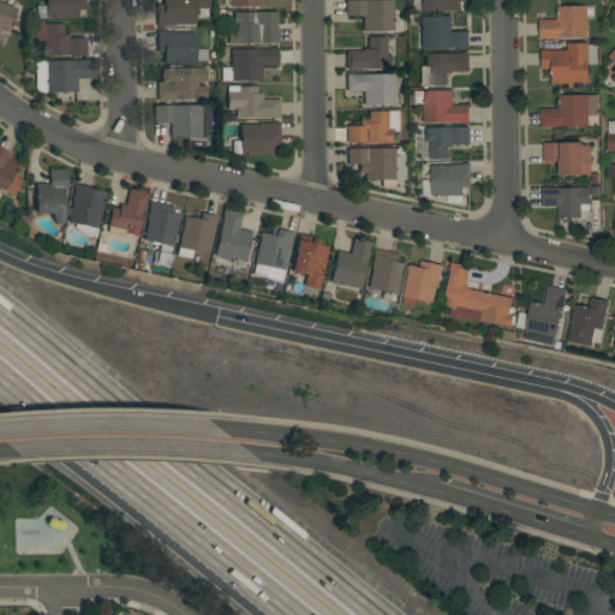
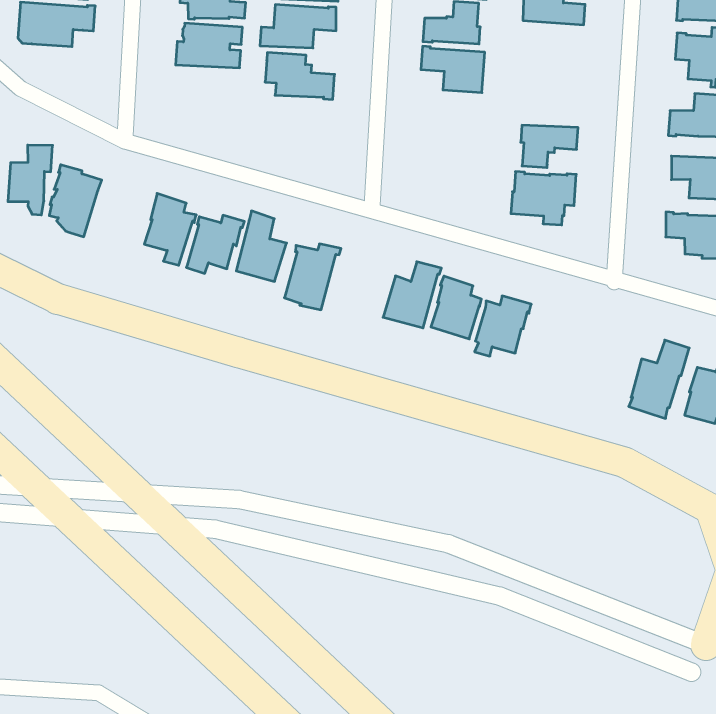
building: [422,53,471,85] -> none
building: [413,91,471,124] -> none
building: [155,106,214,137] -> none
building: [348,111,400,143] -> none
building: [241,123,281,156] -> none
building: [348,148,407,187] -> none
building: [109,189,150,237] -> none
building: [293,234,330,289] -> none
building: [444,263,517,328] -> none

